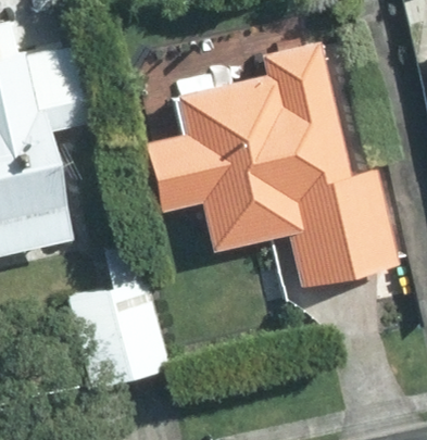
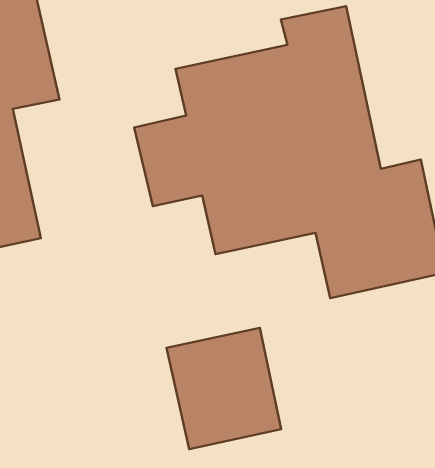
building: [74,287,167,386] -> [166,328,281,449]

